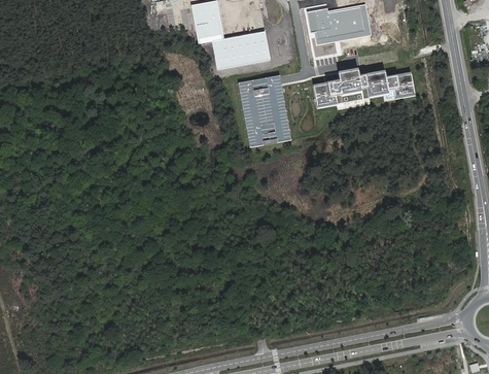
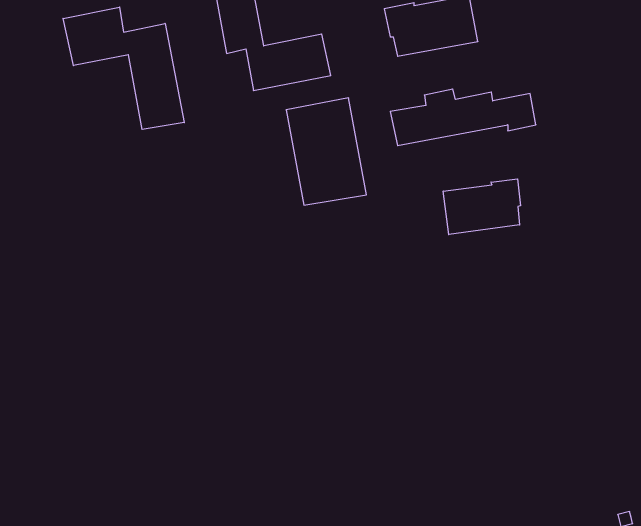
building: none -> [63,7,184,129]
building: none -> [443,179,520,235]

